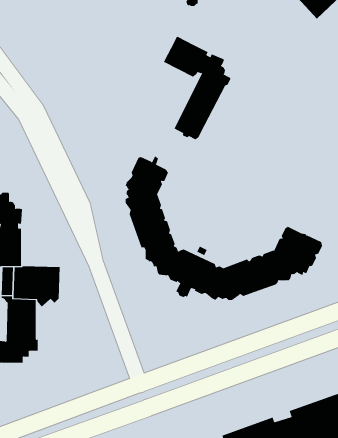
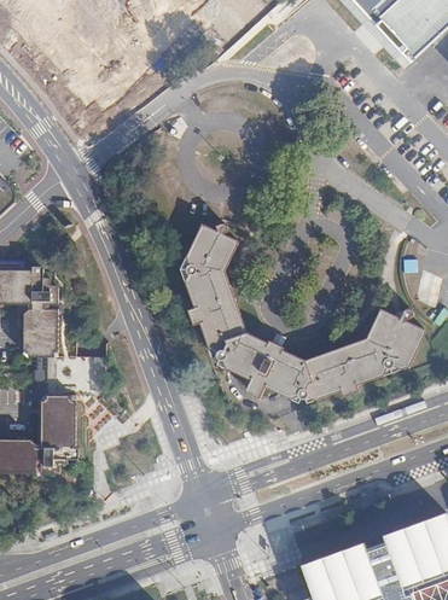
building: [163,36,231,140] -> none

